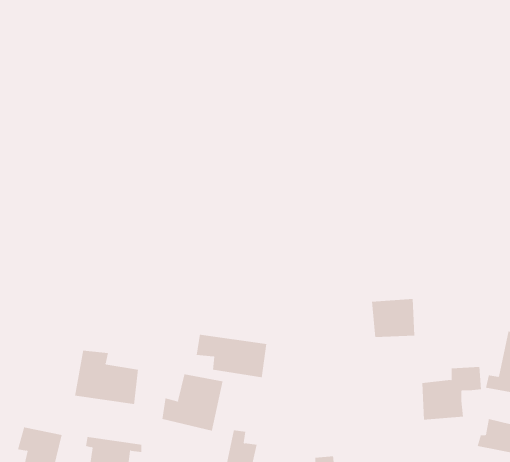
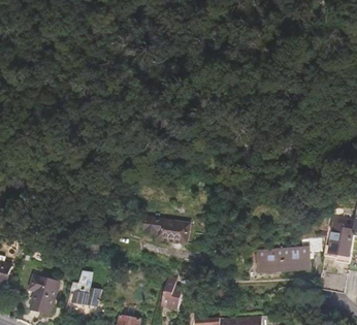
building: [371,298,415,337] -> [257,248,285,272]
building: [74,350,139,405] -> none
building: [162,374,223,432] -> none

